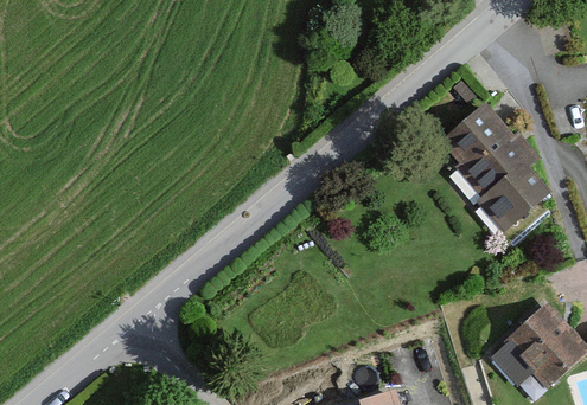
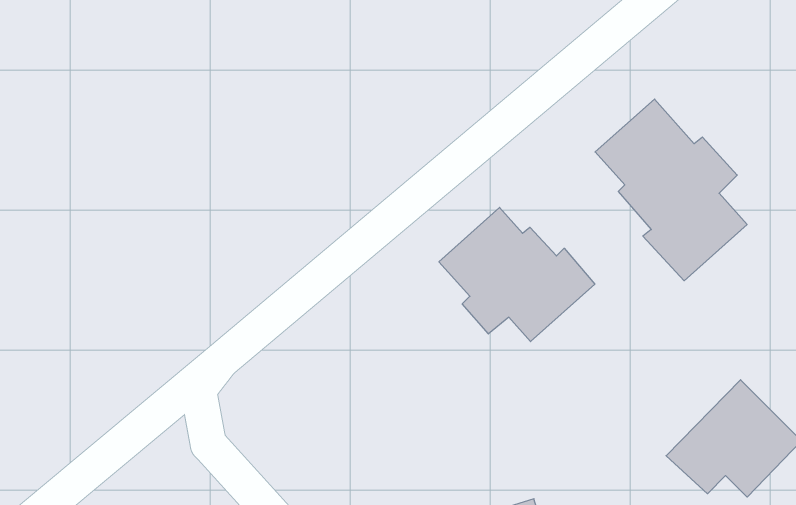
building: none -> [439,207,595,342]

